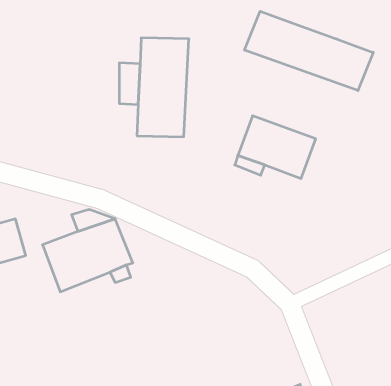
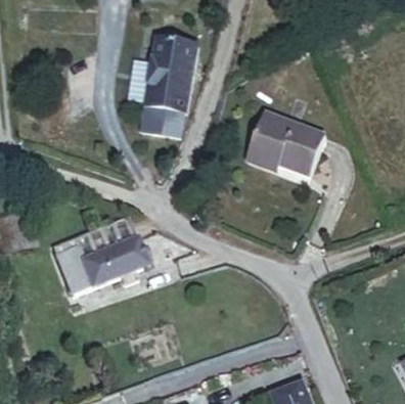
building: [245,11,373,91] -> none

